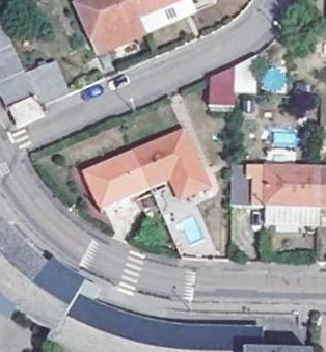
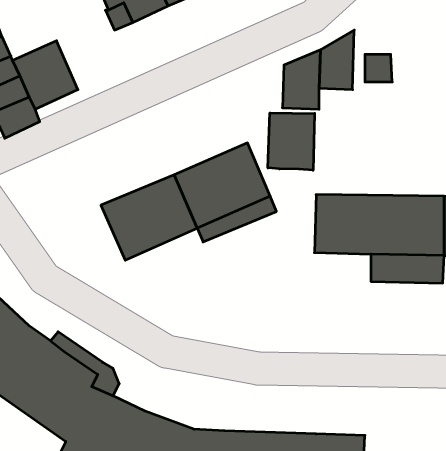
building: none -> [268,113,315,170]

